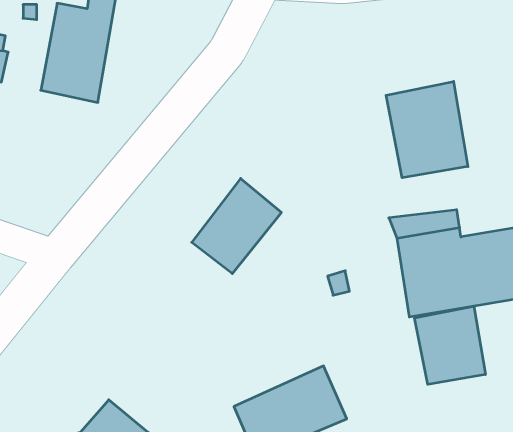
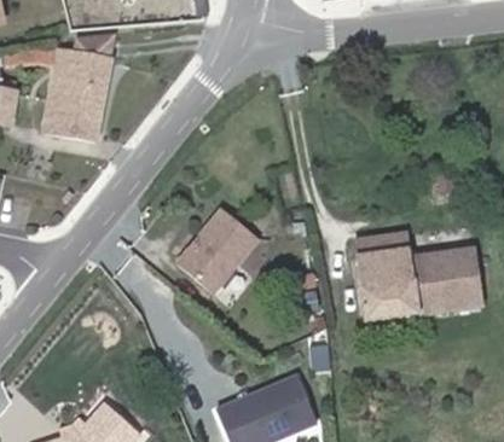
building: [386,81,468,178] -> none
building: [415,306,485,384] -> none

